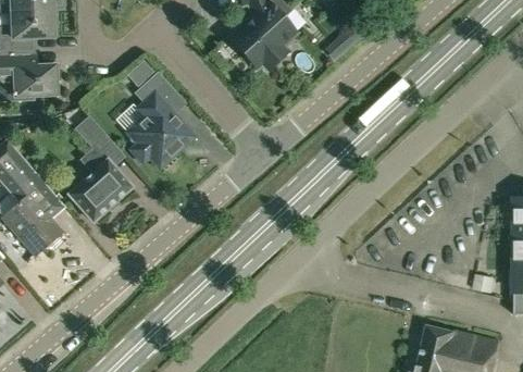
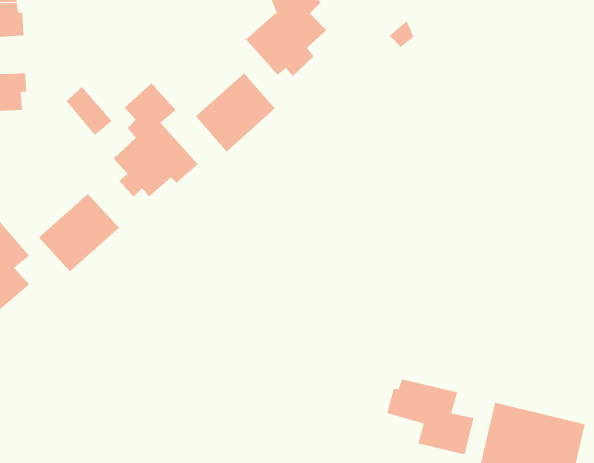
building: none -> [195,72,275,152]
building: [75,115,112,154] -> [66,86,113,136]
building: none -> [387,379,474,455]

